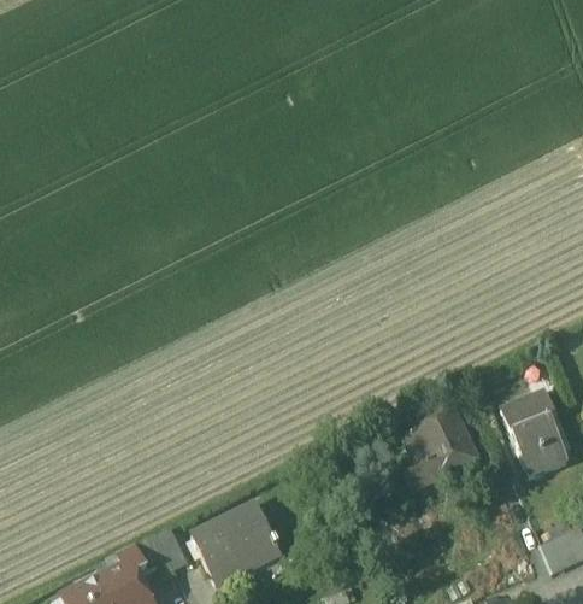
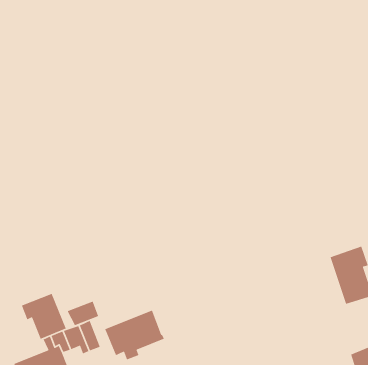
building: [413,404,479,477] -> none
building: none -> [21,293,67,340]
building: none -> [66,300,99,326]

